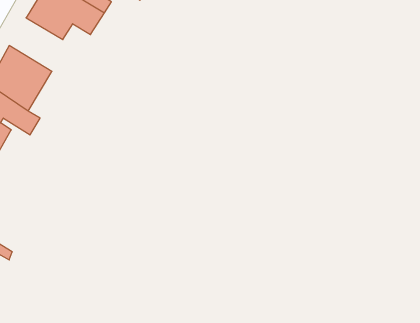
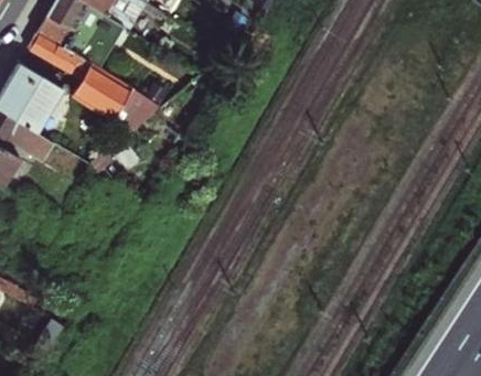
building: none -> [28,33,159,130]

